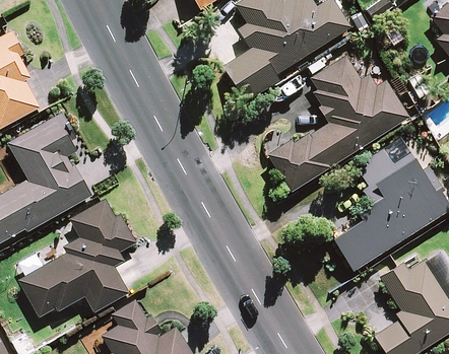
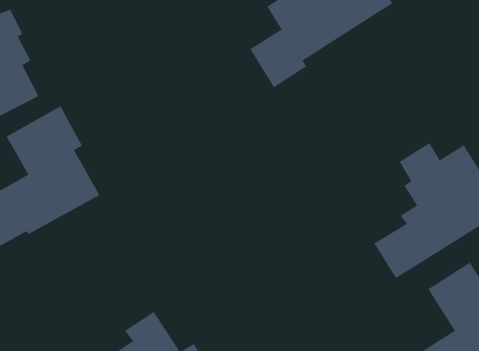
building: [269,56,409,191] -> none
building: [18,198,136,316] -> none

